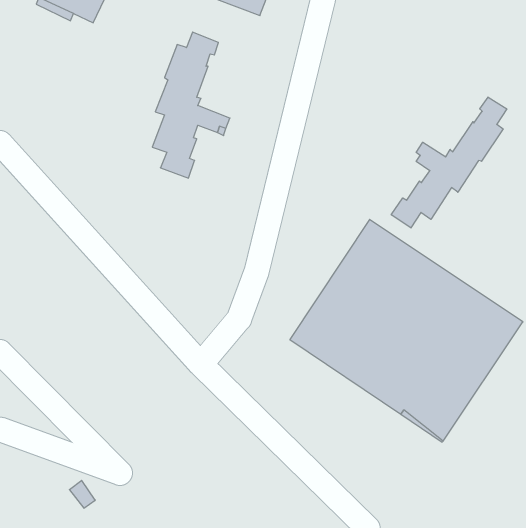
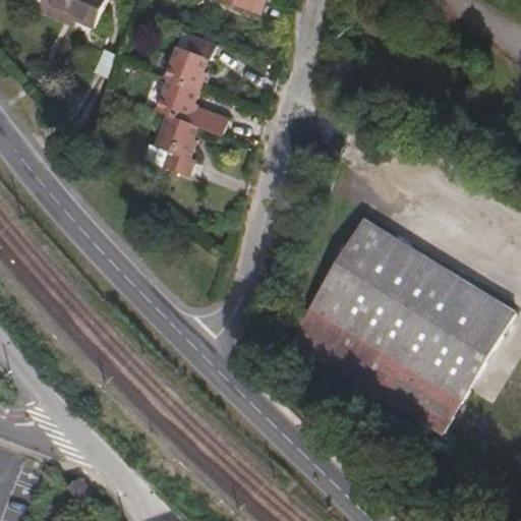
building: [391,97,507,228] -> none

